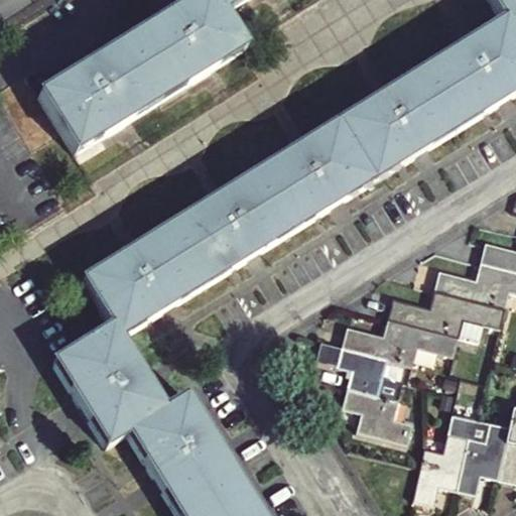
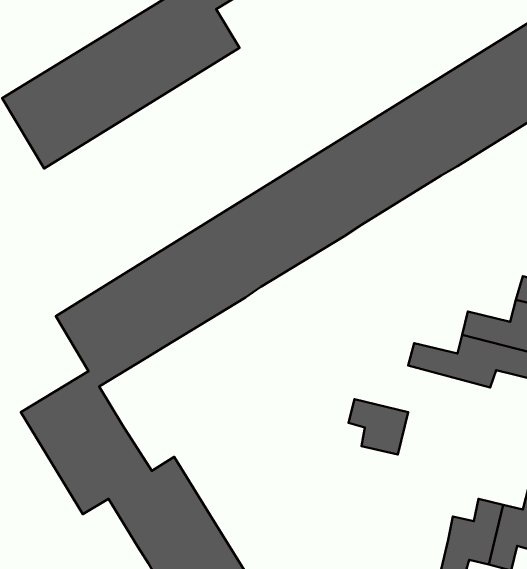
building: [342,316,459,364] -> none
building: [343,386,414,441] -> none

